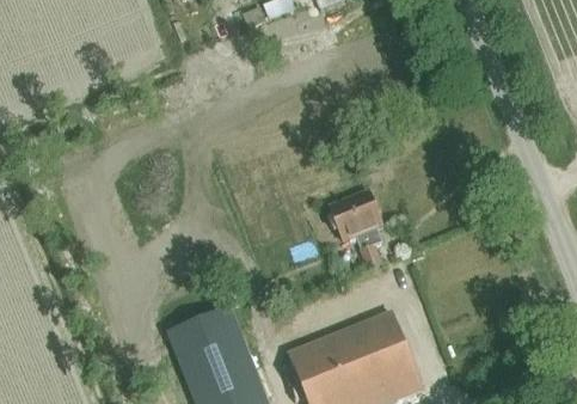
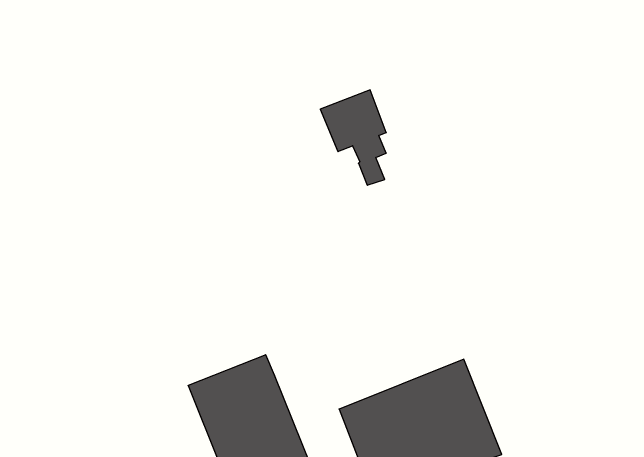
building: [330,192,383,270] -> [320,90,386,185]

